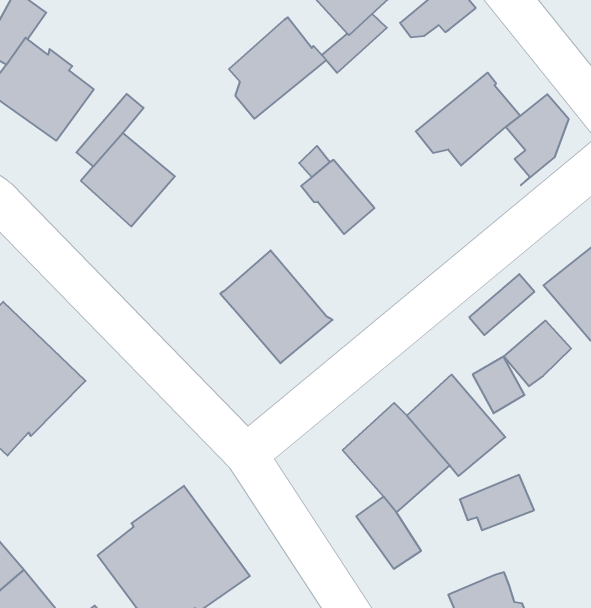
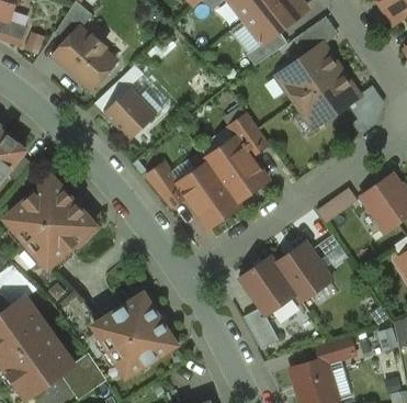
building: [229,17,326,119] -> [284,45,340,101]
building: none -> [205,136,268,202]
building: none -> [146,163,185,206]
building: [504,321,571,386] -> none
building: [460,475,534,530] -> [315,335,357,365]

